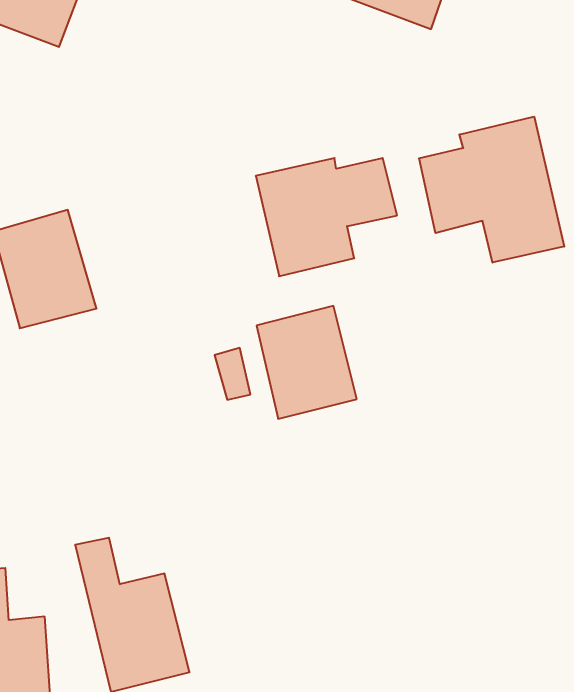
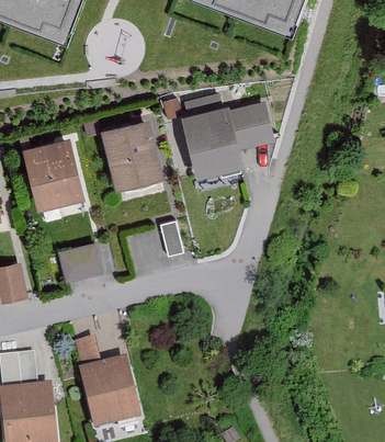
building: [419,117,564,263] -> none
building: [257,306,357,419] -> [103,118,165,188]
building: none -> [56,242,98,277]

